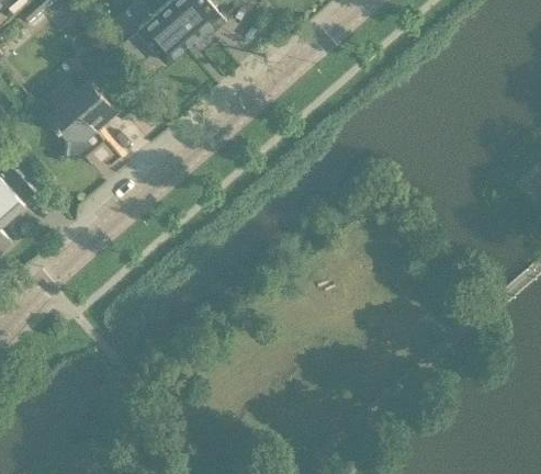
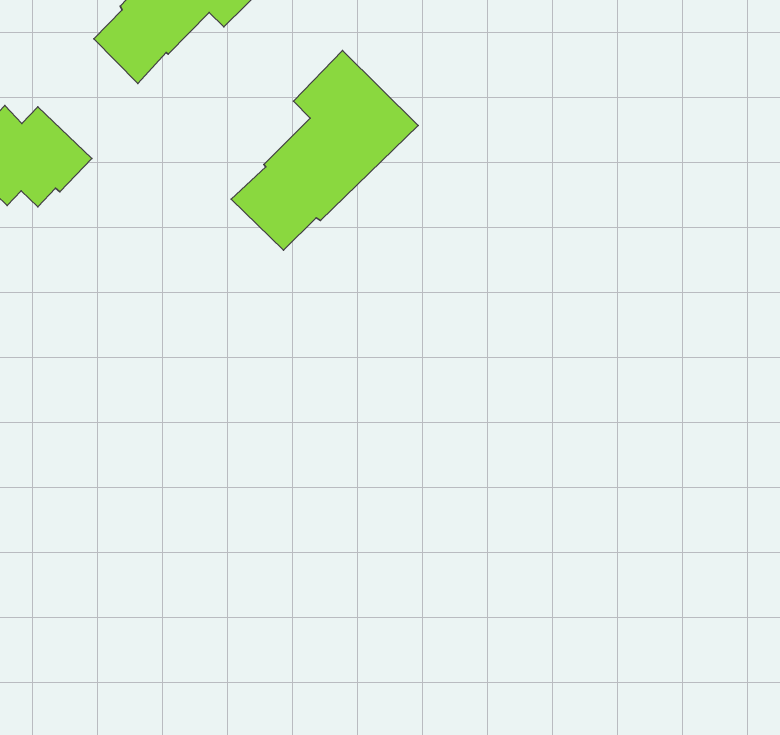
building: none -> [231,50,418,250]

